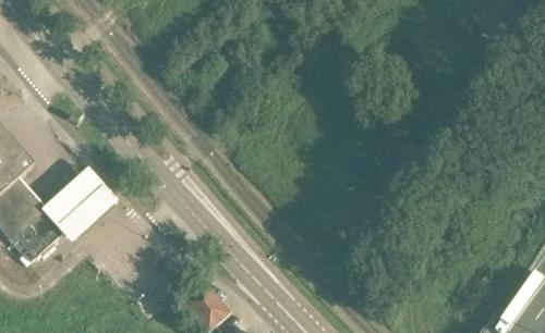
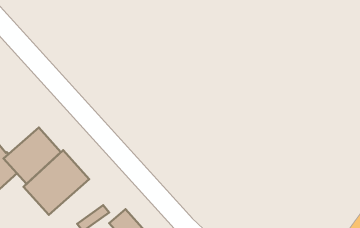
building: none -> [23,150,89,215]

